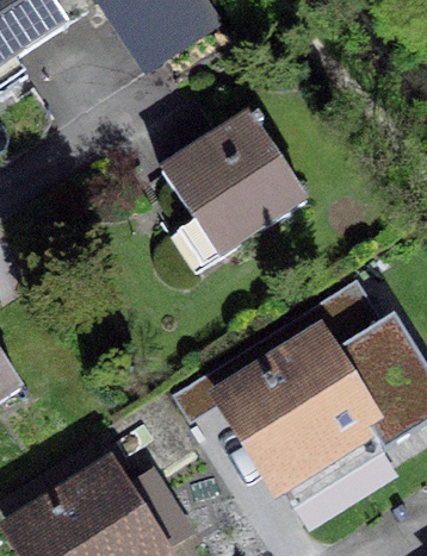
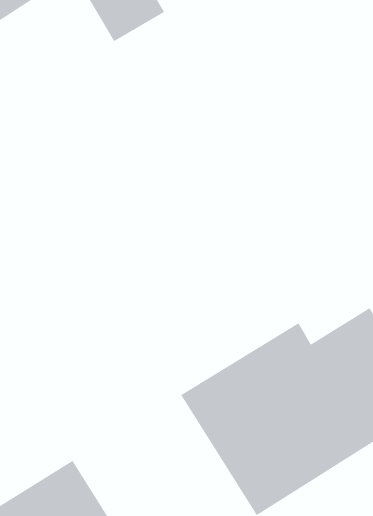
building: [166,112,307,251] -> none

